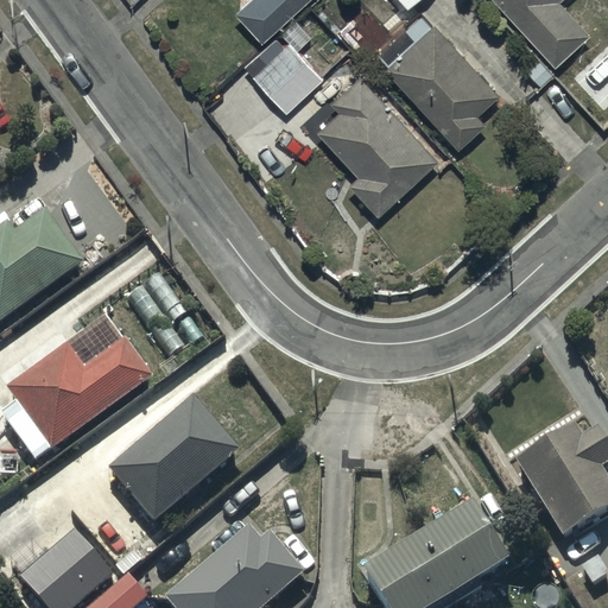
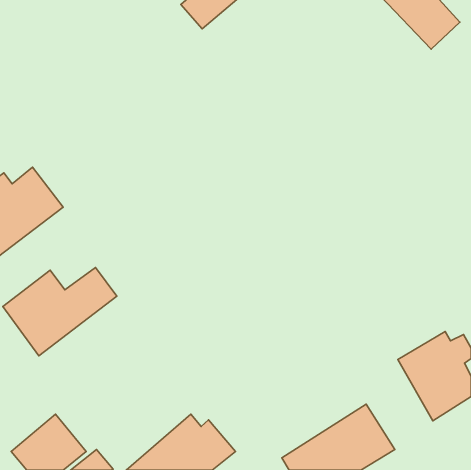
building: [370,7,496,145] -> none
building: [251,37,321,107] -> none
building: [317,71,437,213] -> none
building: [106,399,236,526] -> none

